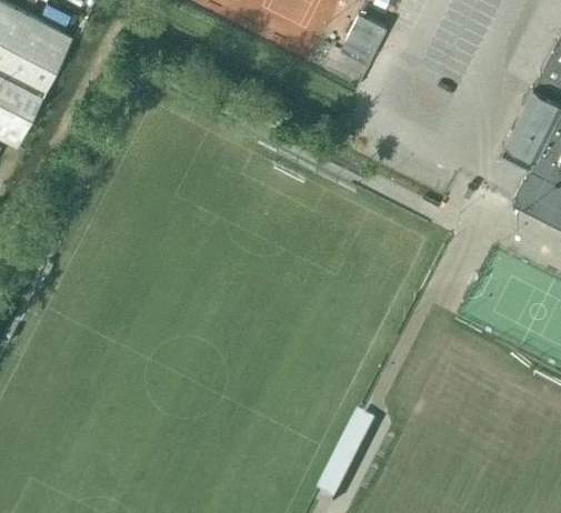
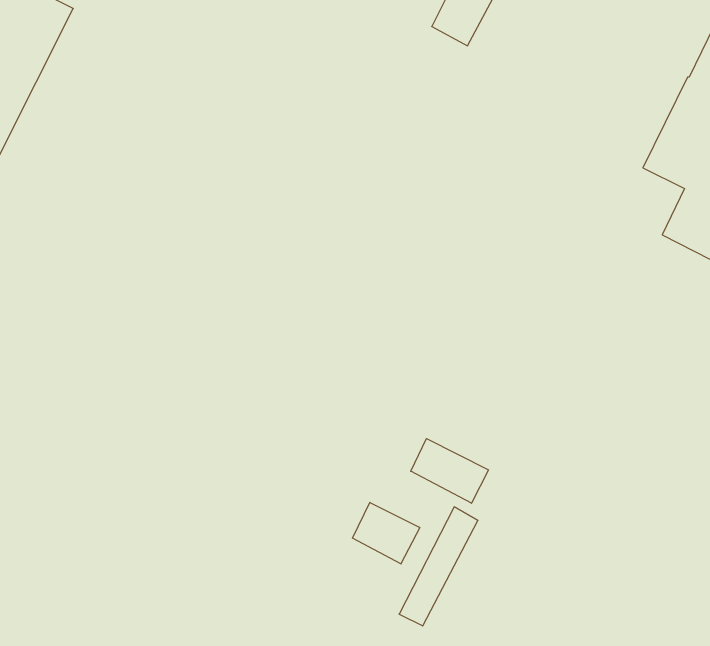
building: none -> [411,439,488,503]
building: none -> [352,502,420,564]

